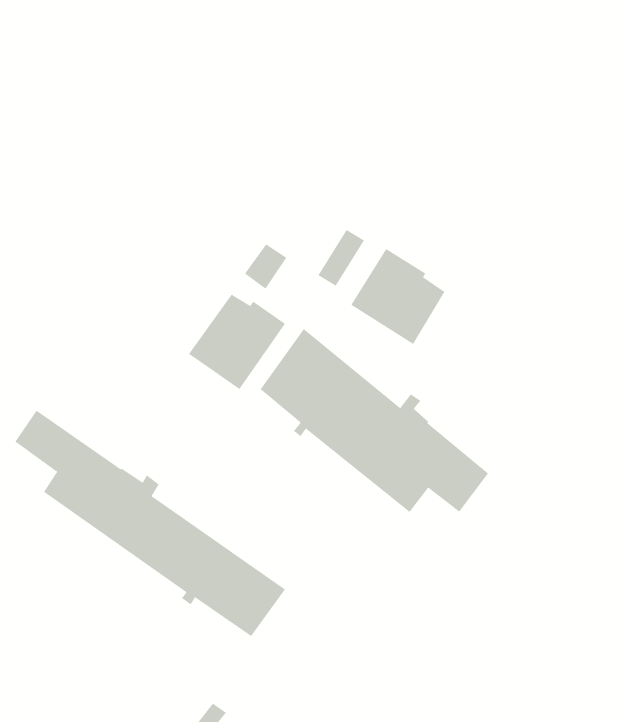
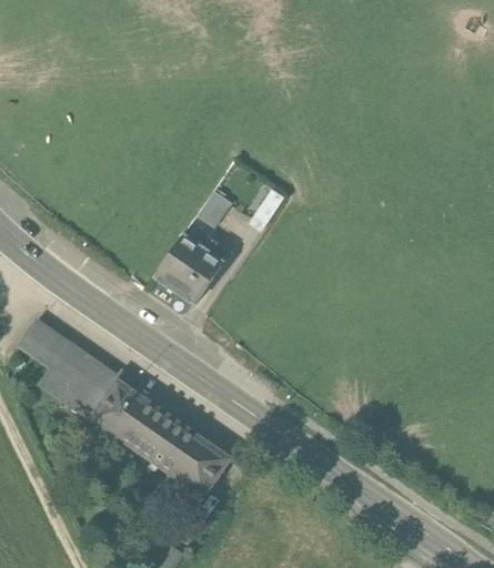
building: [350,248,445,345] -> none
building: [260,328,489,513] -> none

